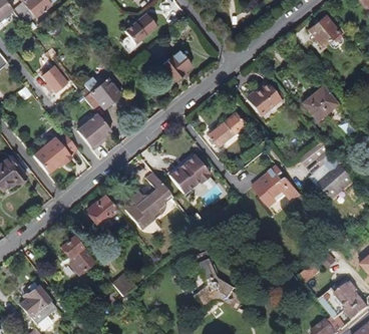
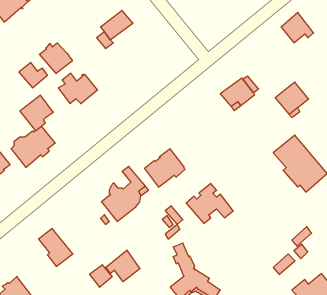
building: none -> [39,43,72,74]
building: [162,50,191,78] -> none
building: [208,112,245,146] -> none
building: [76,113,110,149] -> [20,95,53,131]
building: [253,165,301,207] -> [186,183,233,224]
building: [87,194,117,224] -> none
building: none -> [106,250,140,282]

